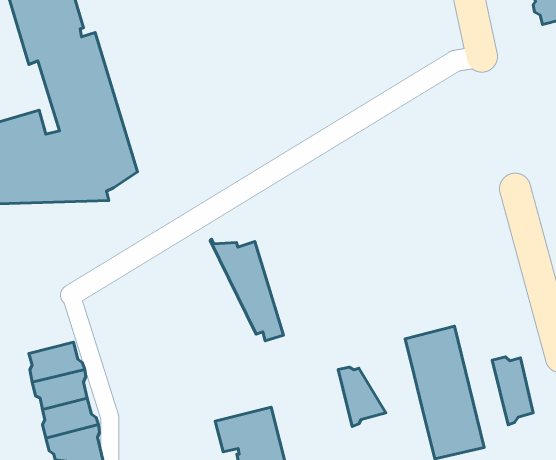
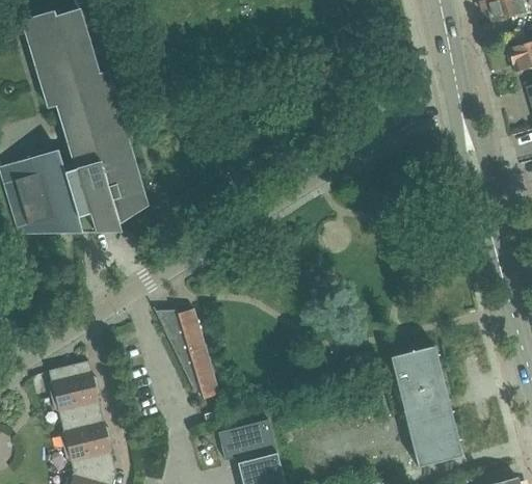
building: [210,239,284,341] -> [154,306,220,399]
building: [492,357,533,425] -> none
building: [338,367,386,426] -> none

